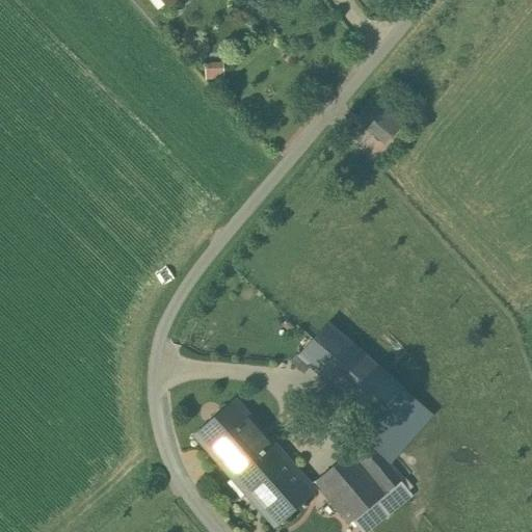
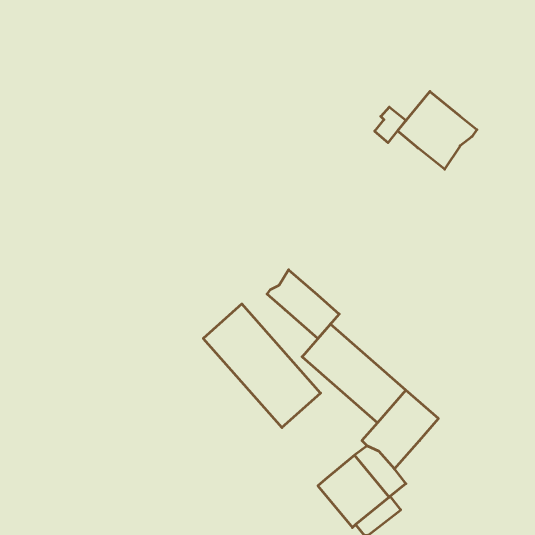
building: none -> [398,91,477,169]
building: none -> [267,270,339,339]
building: [197,401,314,524] -> [203,304,321,428]

